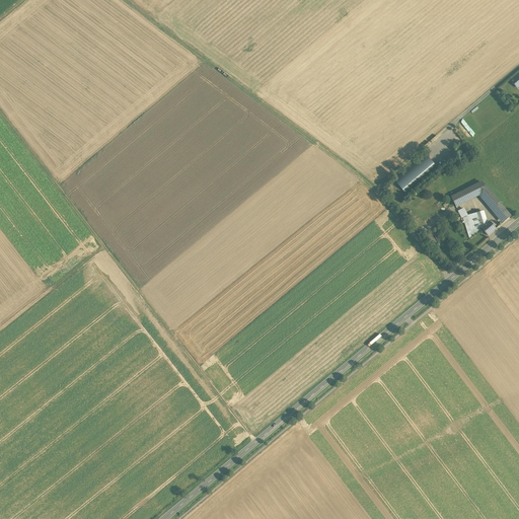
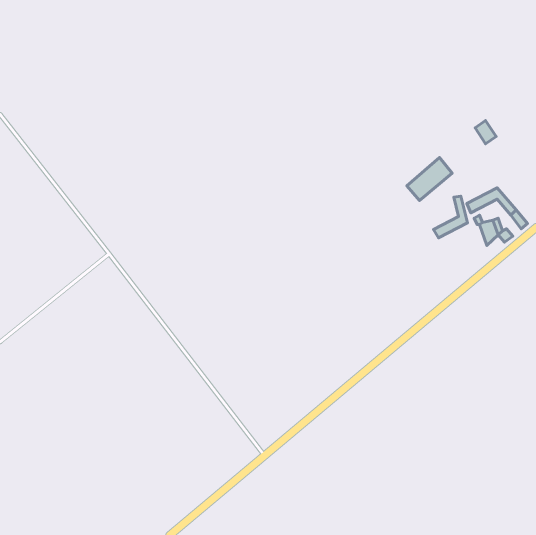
building: none -> [433,196,468,238]

